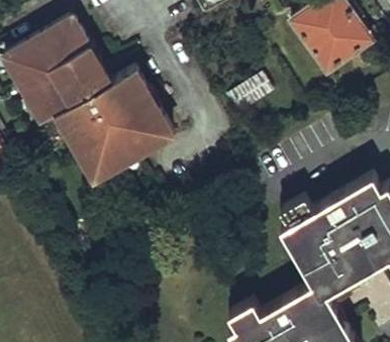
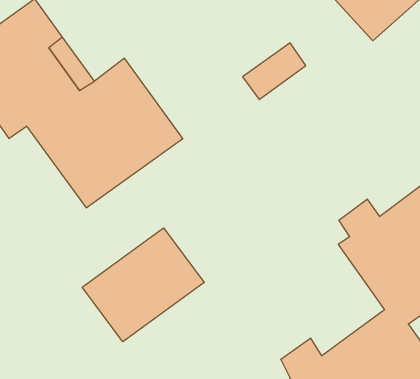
building: none -> [82,228,204,342]

